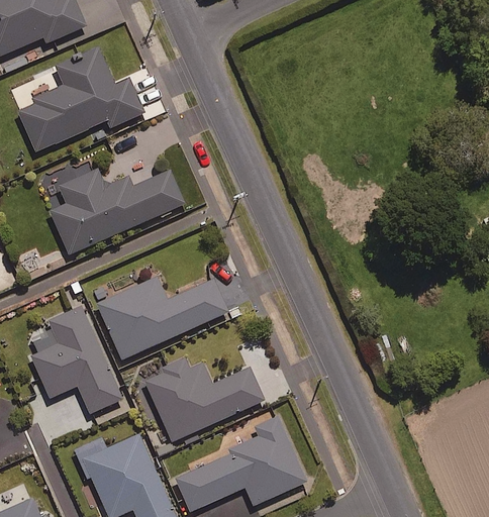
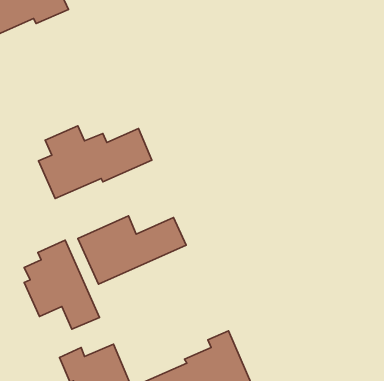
building: [17,48,143,152] -> none
building: [143,353,264,442] -> none

